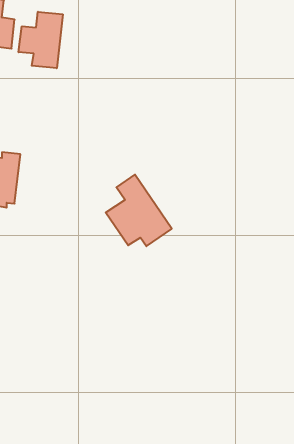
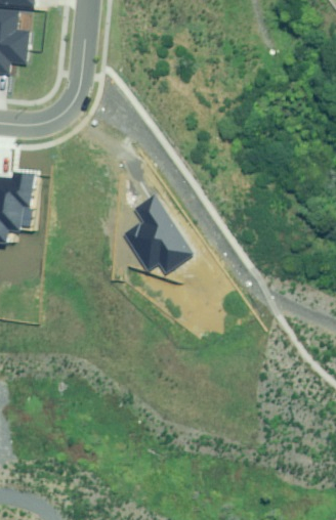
building: [19,12,63,68] -> none

